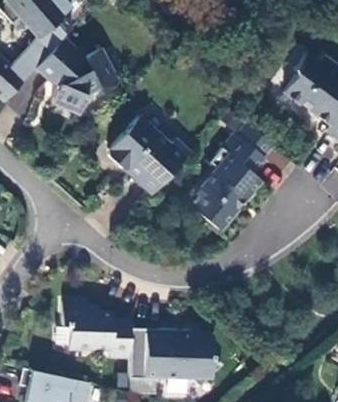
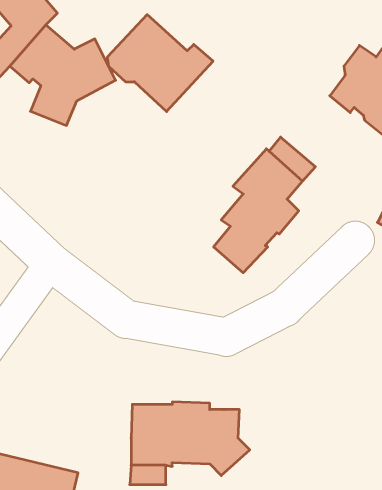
building: [109,118,191,193] -> [107,15,213,112]
building: [63,300,132,358] -> none

